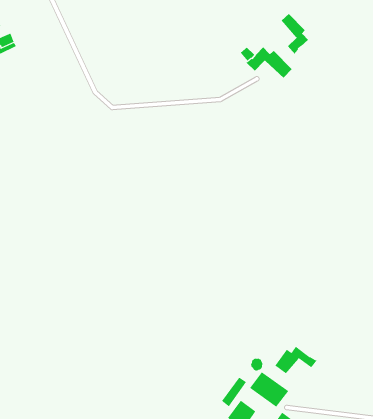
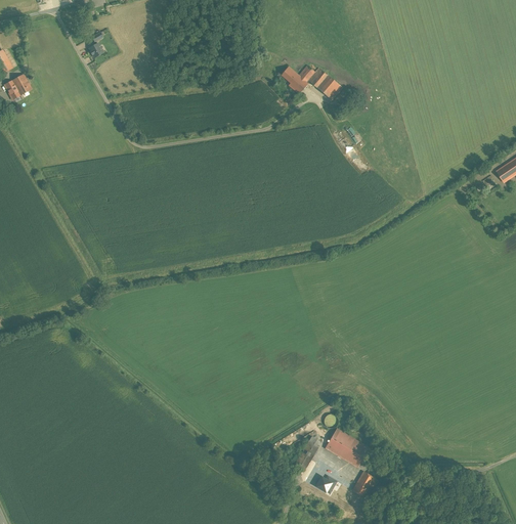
building: [281,13,309,55] -> none
building: [275,346,317,374] -> none

